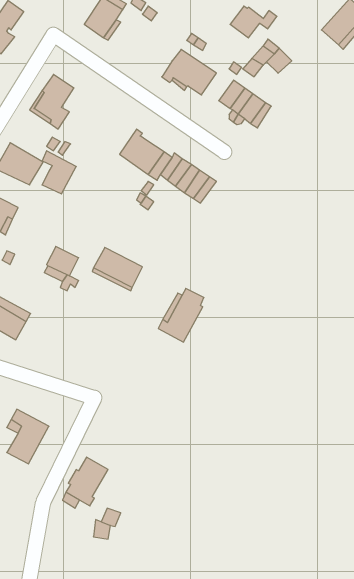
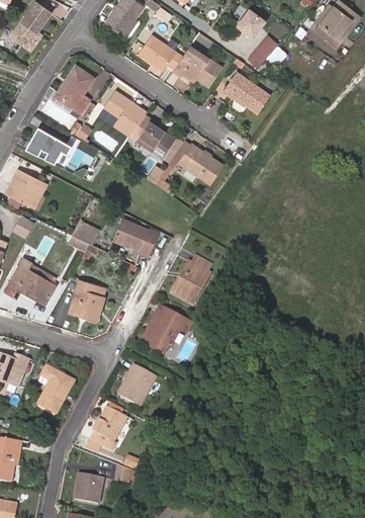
building: none -> [139,33,182,69]
building: none -> [105,88,147,134]
building: none -> [70,282,104,321]
building: none -> [141,305,191,353]
building: none -> [117,365,154,406]
building: none -> [72,472,101,504]

